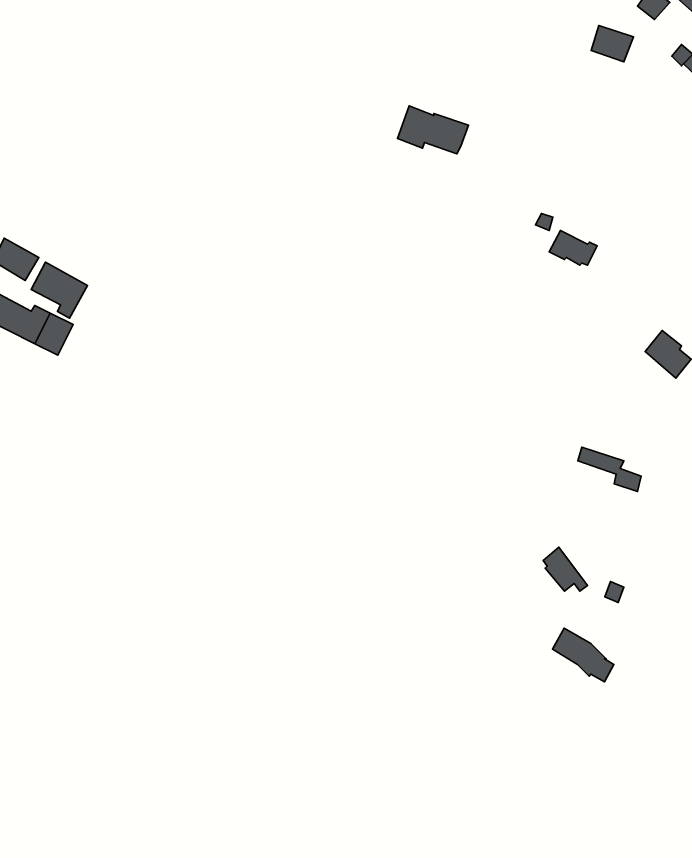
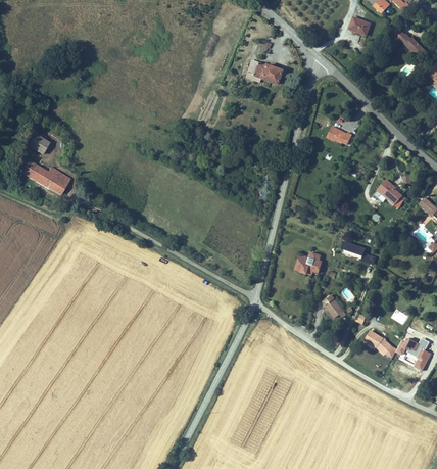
building: [31,262,88,318] -> none
building: none -> [294,251,322,275]
building: [553,628,614,682] -> [363,329,396,358]

